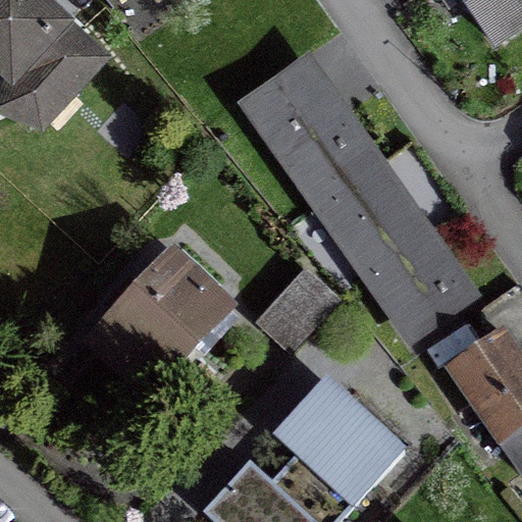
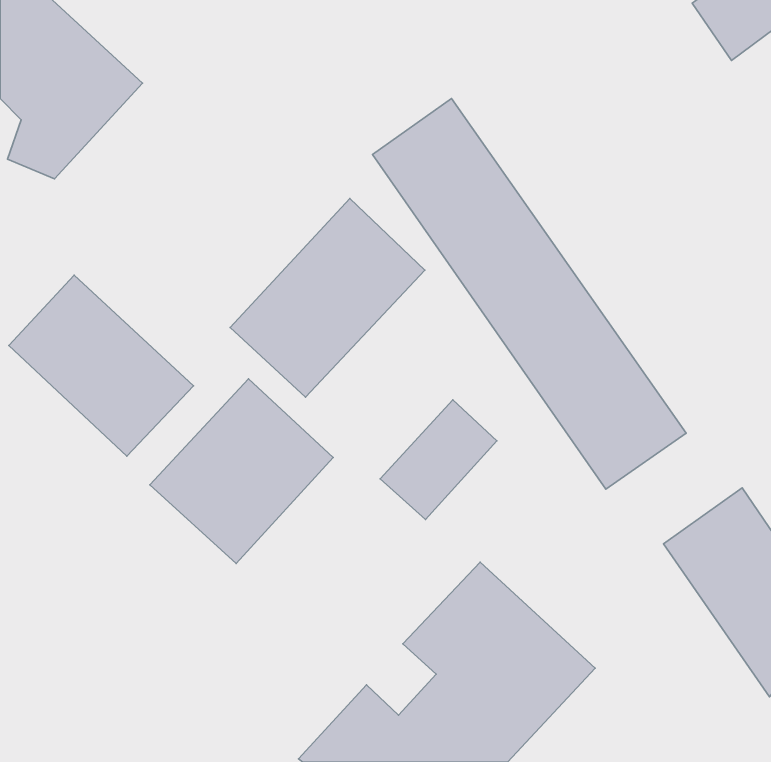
building: none -> [230,199,425,397]
building: none -> [9,275,193,456]

